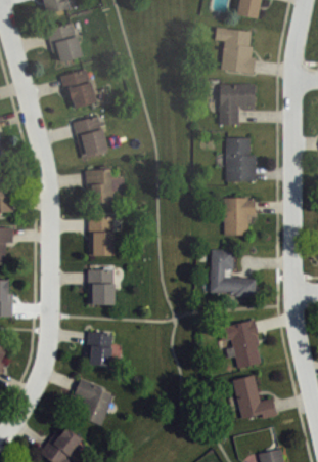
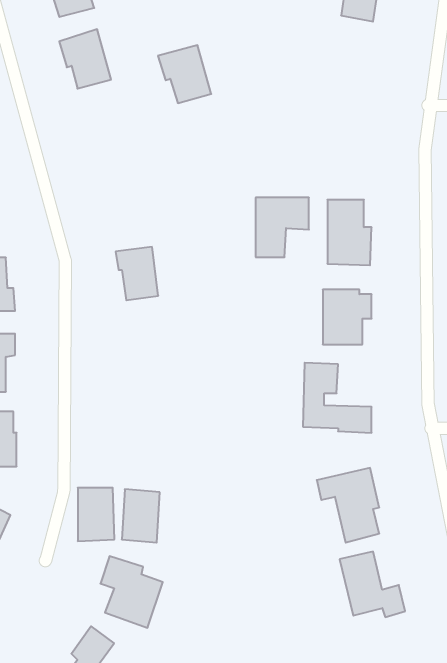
building: [215,28,256,76] -> none
building: [59,71,95,110] -> [158,45,211,103]
building: [219,85,255,125] -> [256,198,309,257]
building: [73,116,107,160] -> none
building: [88,218,113,257] -> none
building: [89,271,113,307] -> [78,488,114,541]

